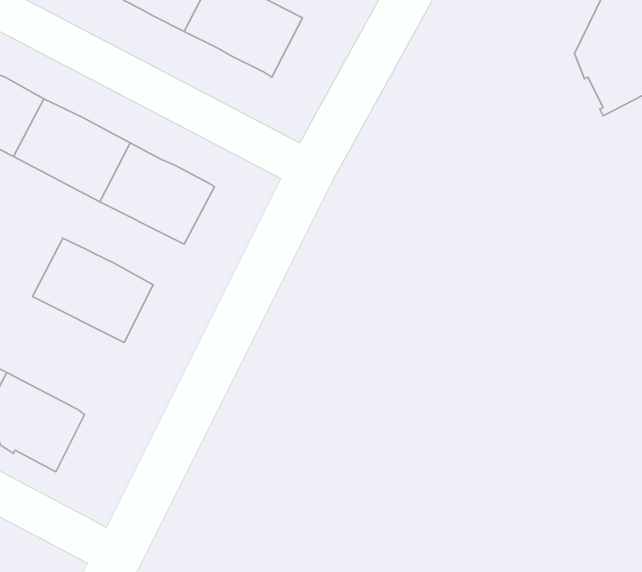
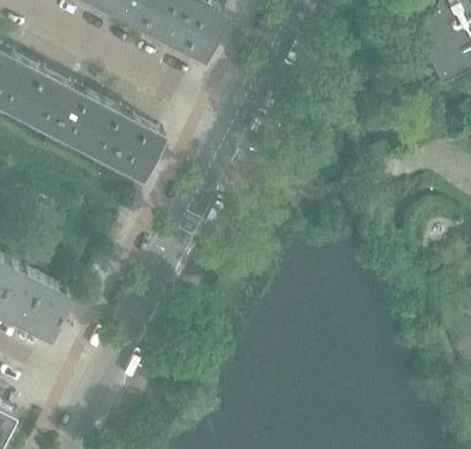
building: [33,238,153,342] -> none

